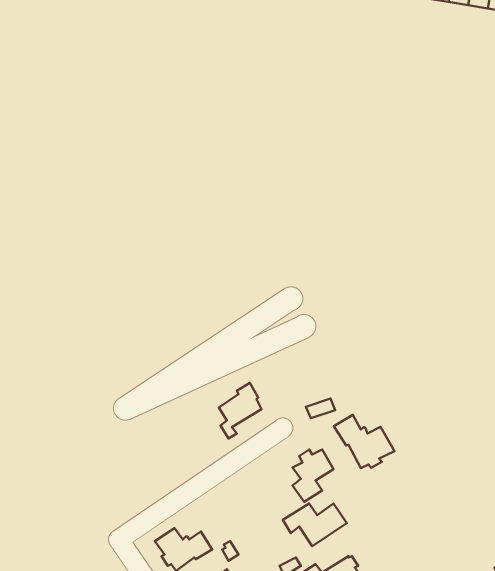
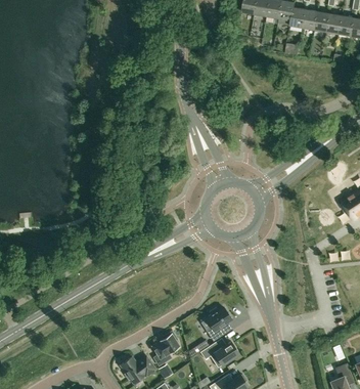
building: [219,383,261,439] -> [152,331,179,365]
building: [334,415,395,468] -> none

